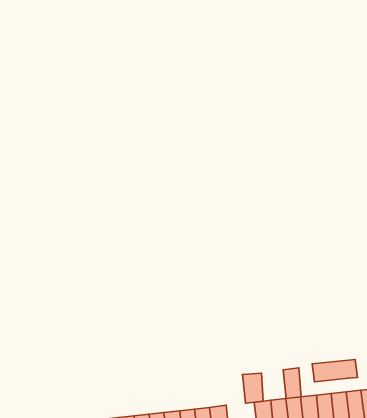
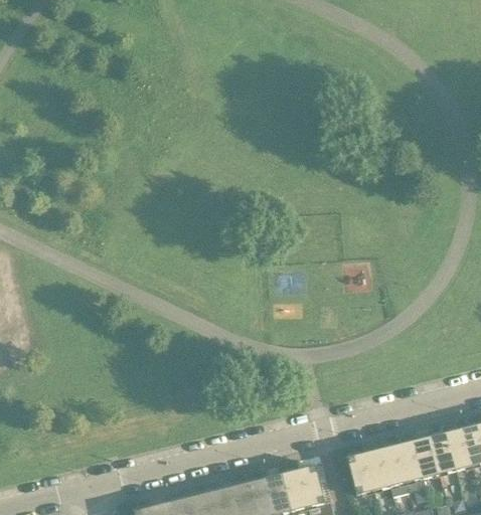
building: [312,359,357,382] -> none
building: [283,368,301,398] -> none
building: [243,373,263,403] -> none

